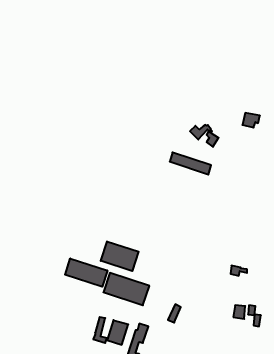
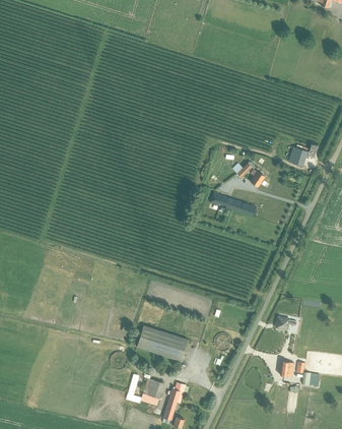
building: [101,241,139,271] -> none
building: [65,258,107,287] -> none

